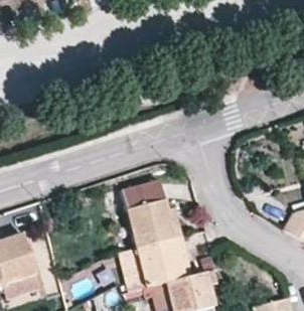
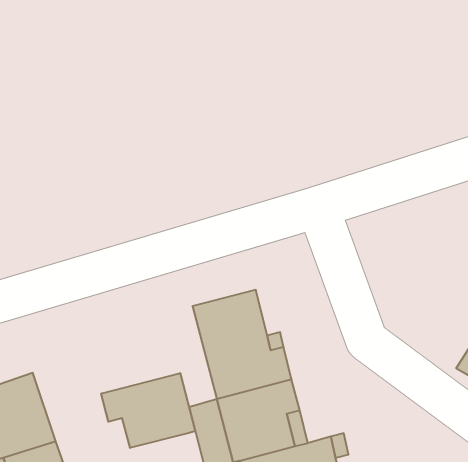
building: none -> [101,373,195,448]

